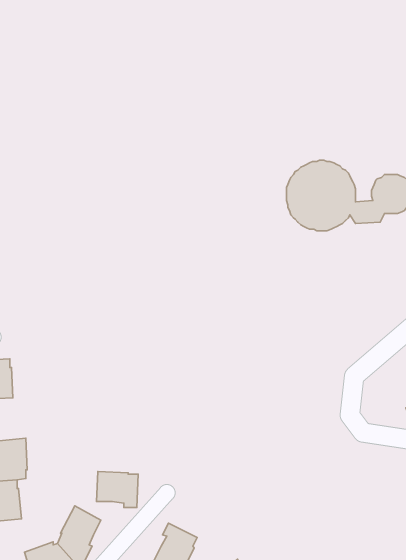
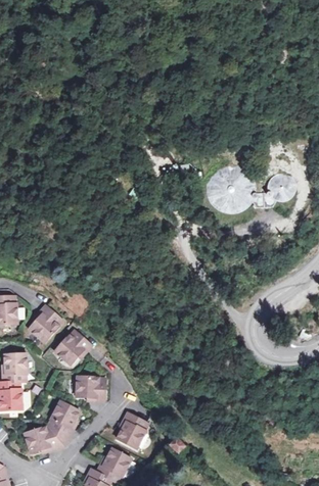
building: none -> [28,305,62,342]
building: none -> [54,330,91,364]

